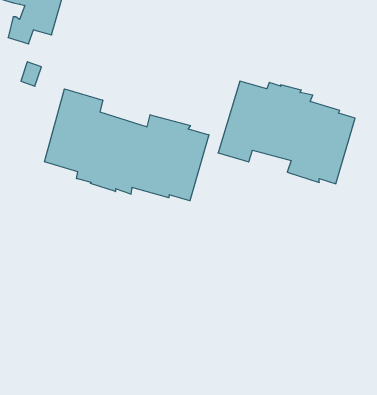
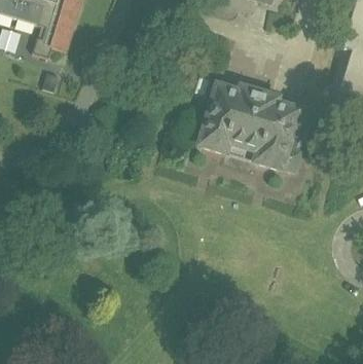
building: [44,89,209,201] -> none

